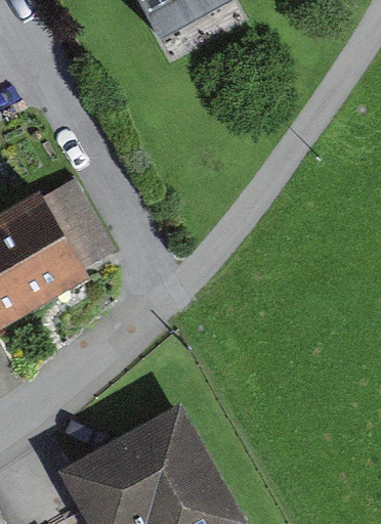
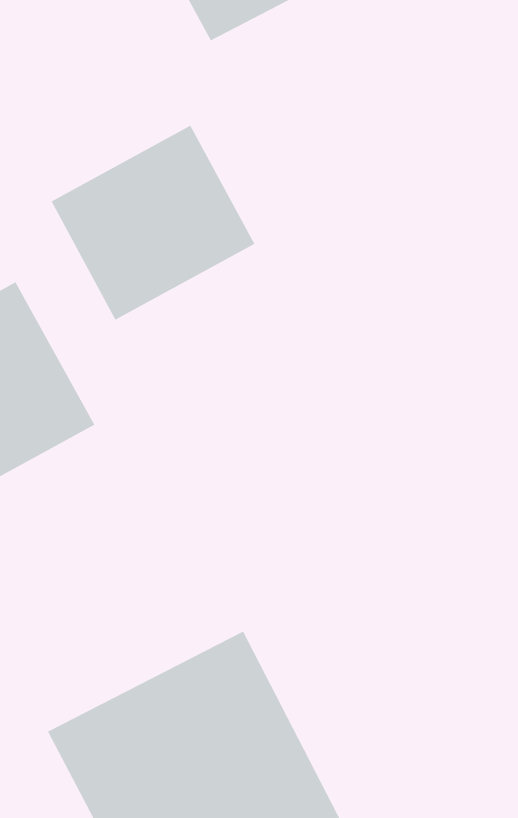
building: none -> [51,125,255,321]

